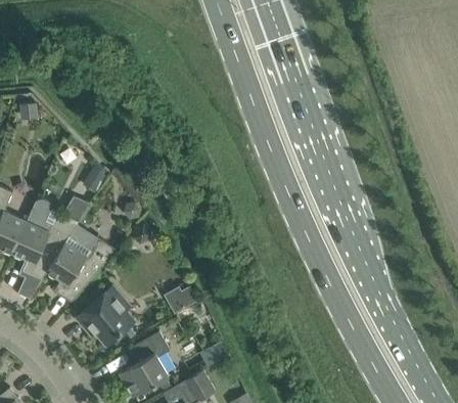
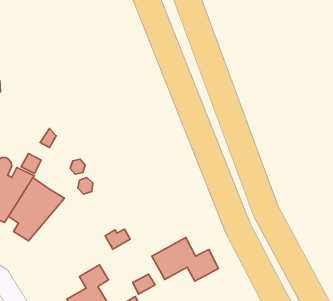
building: [76,287,133,344] -> none
building: none -> [152,237,219,281]

